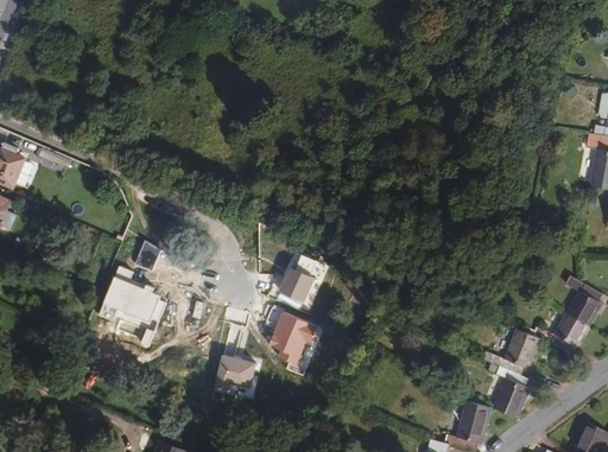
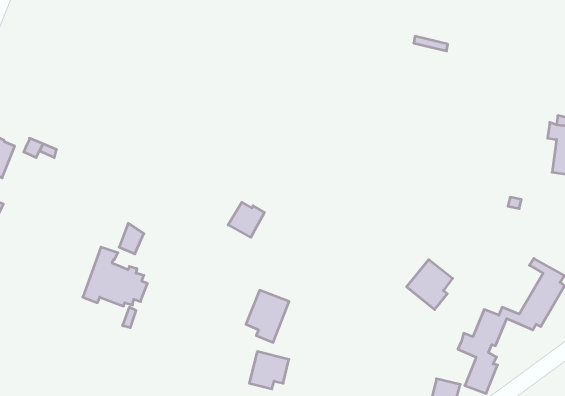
building: [276,266,314,303] -> [228,202,264,237]
building: none -> [407,260,453,310]
building: [213,352,254,391] -> [249,352,289,389]

